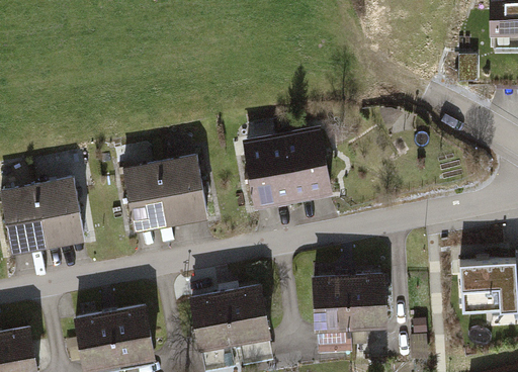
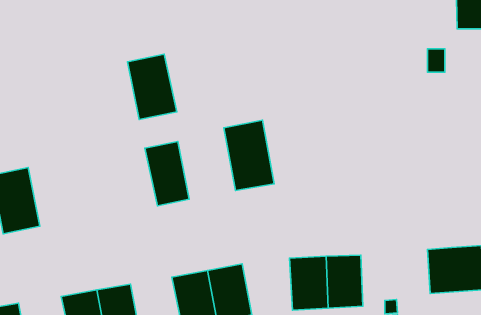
building: [284,127,333,200] -> none
building: [122,163,174,231] -> [128,54,177,120]
building: [38,176,85,245] -> none

